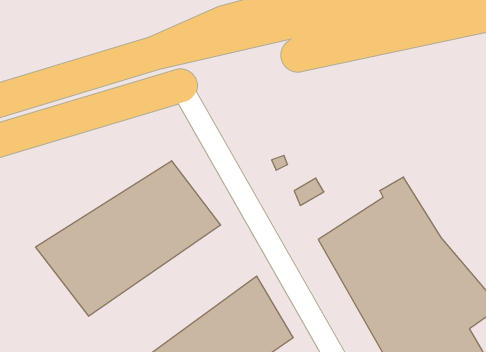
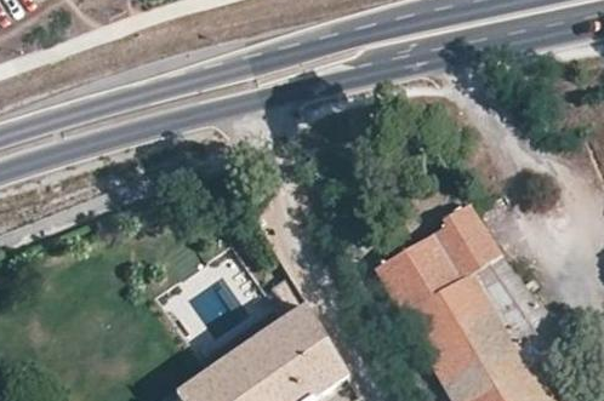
building: [36,161,221,316] -> none

